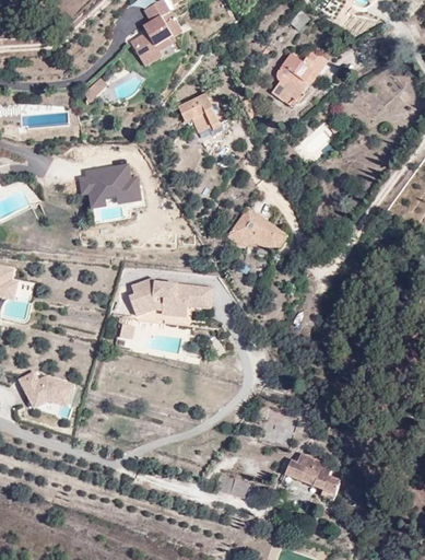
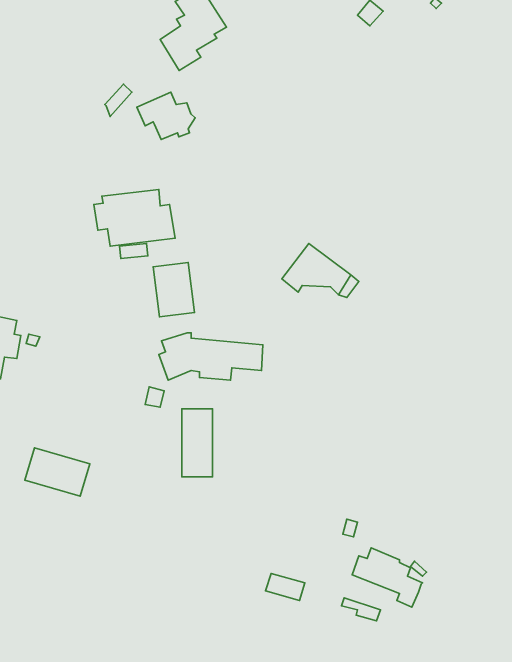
building: [270,50,327,106] -> none
building: [178,93,225,131] -> [137,92,195,139]
building: none -> [153,262,194,317]
building: none -> [182,409,213,477]

